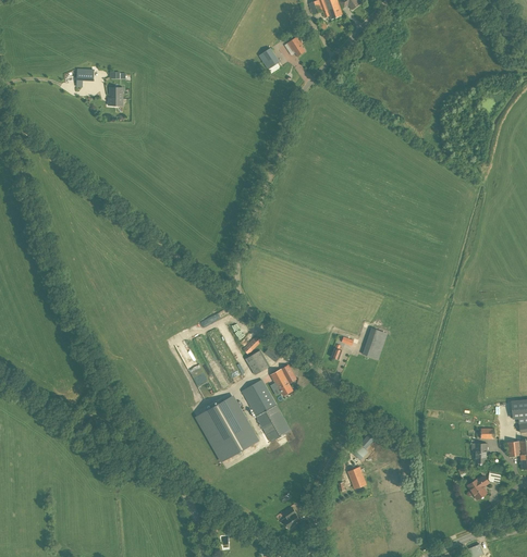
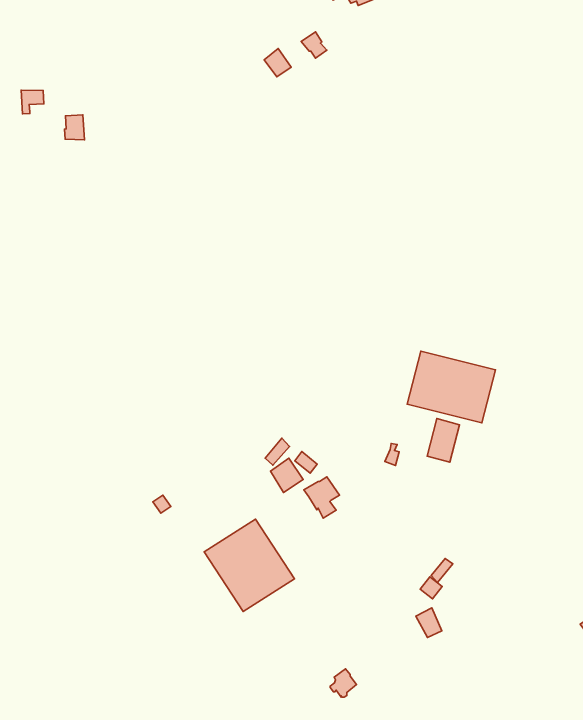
building: none -> [407,351,495,423]
building: [242,380,291,442] -> none

